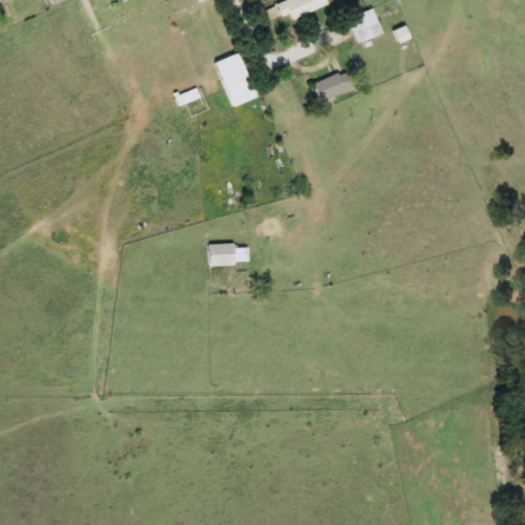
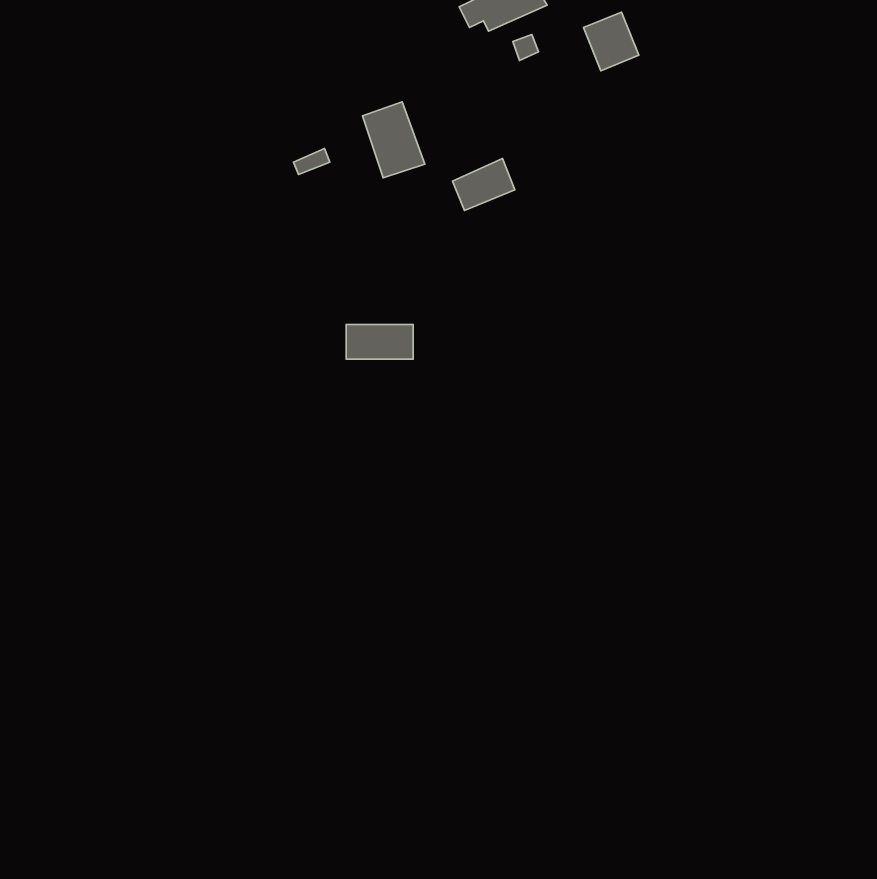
building: [313,70,350,100] -> [453,159,515,210]
building: [208,243,248,264] -> [346,325,413,359]

